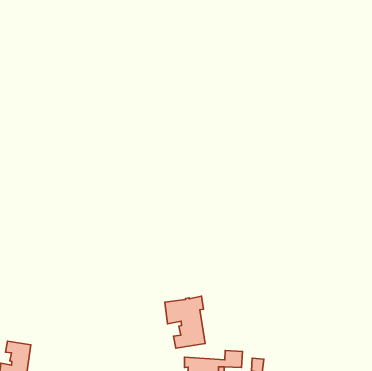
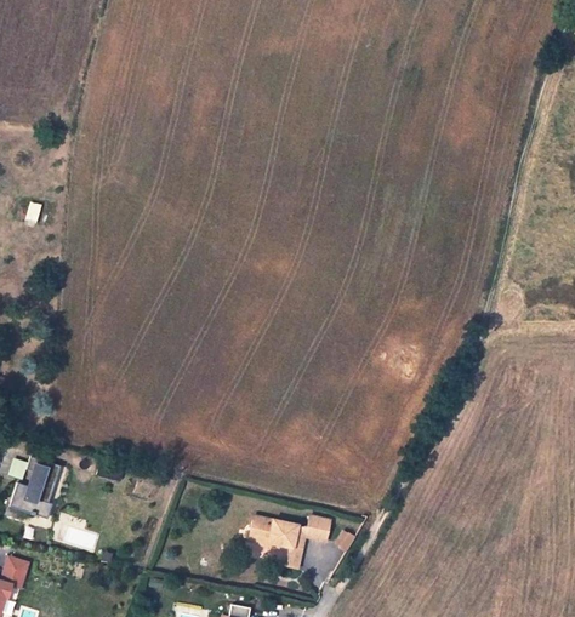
building: [165,296,205,348] -> none

